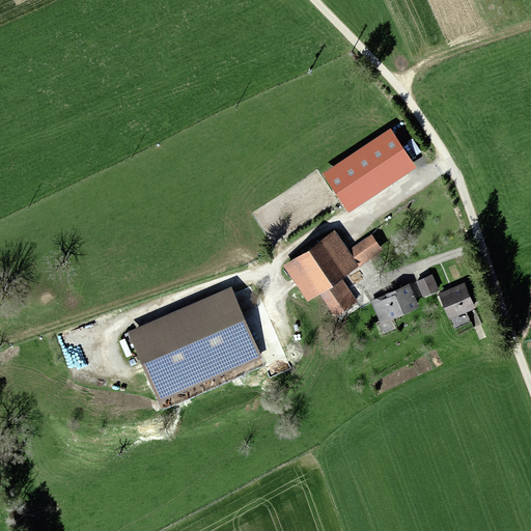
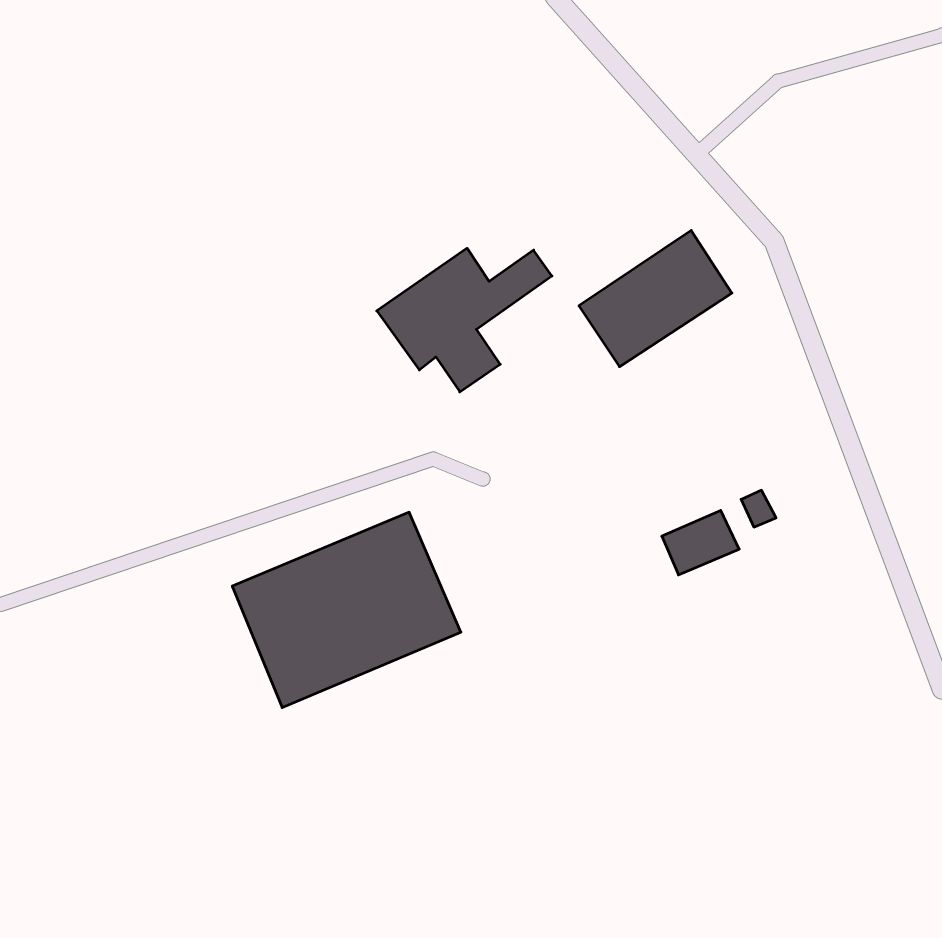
building: [283,233,382,314] -> [377,248,552,392]
building: [439,285,471,319] -> none

